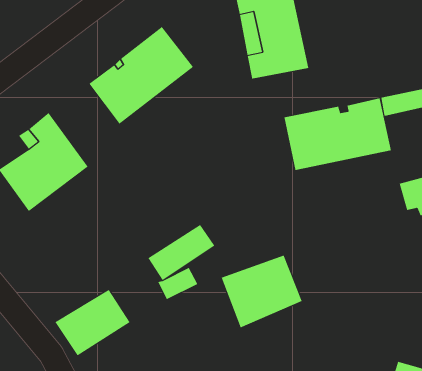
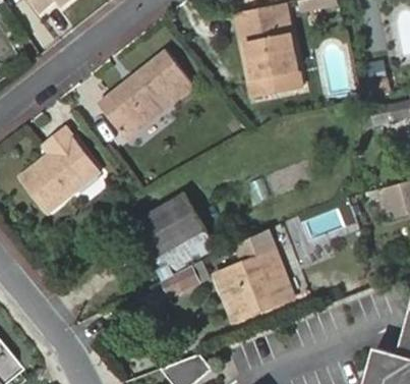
building: [284,98,392,171] -> none
building: none -> [232,233,277,268]
building: [55,289,131,356] -> [133,198,201,258]

